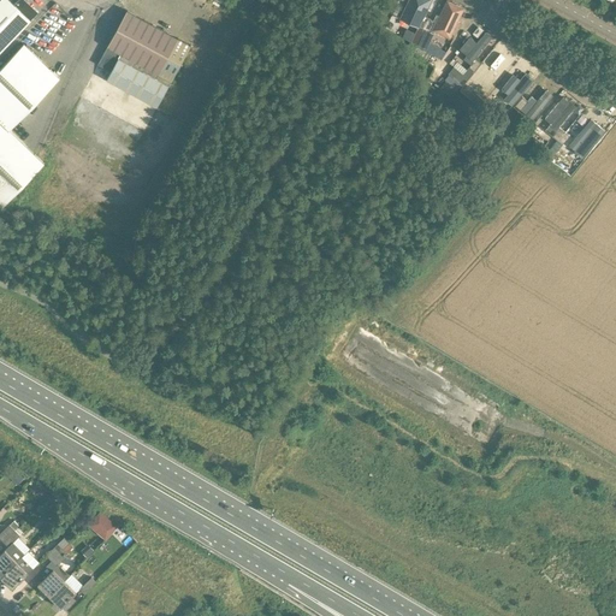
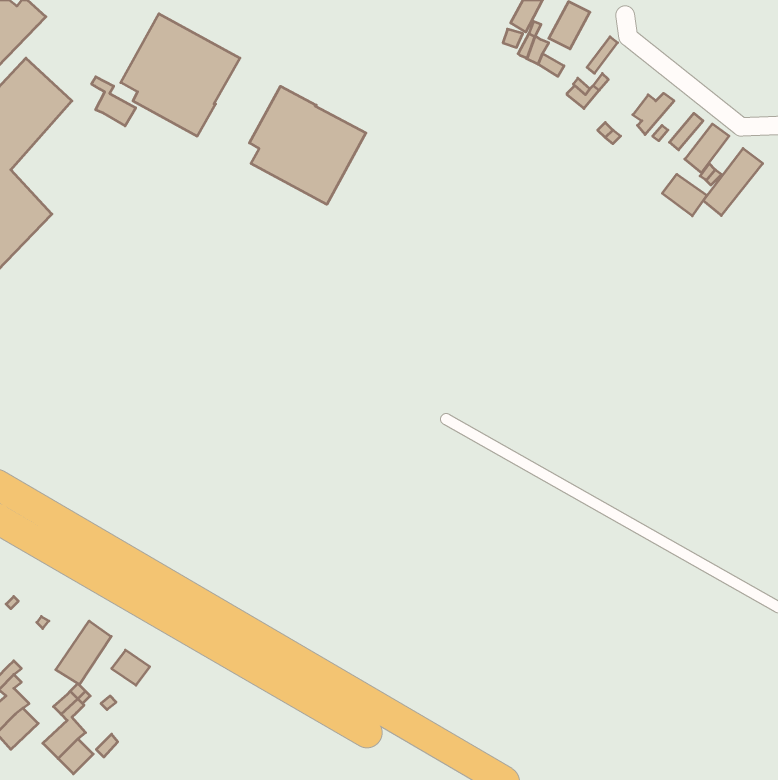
building: none -> [92,77,136,126]
building: none -> [249,86,366,204]
building: none -> [662,174,707,216]
building: none -> [56,621,111,685]

